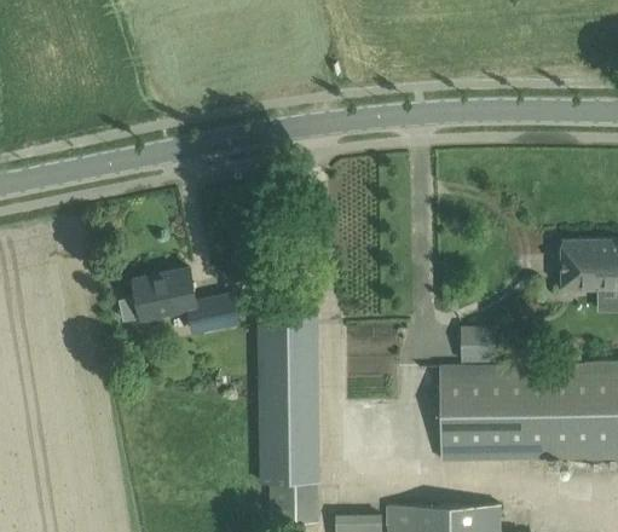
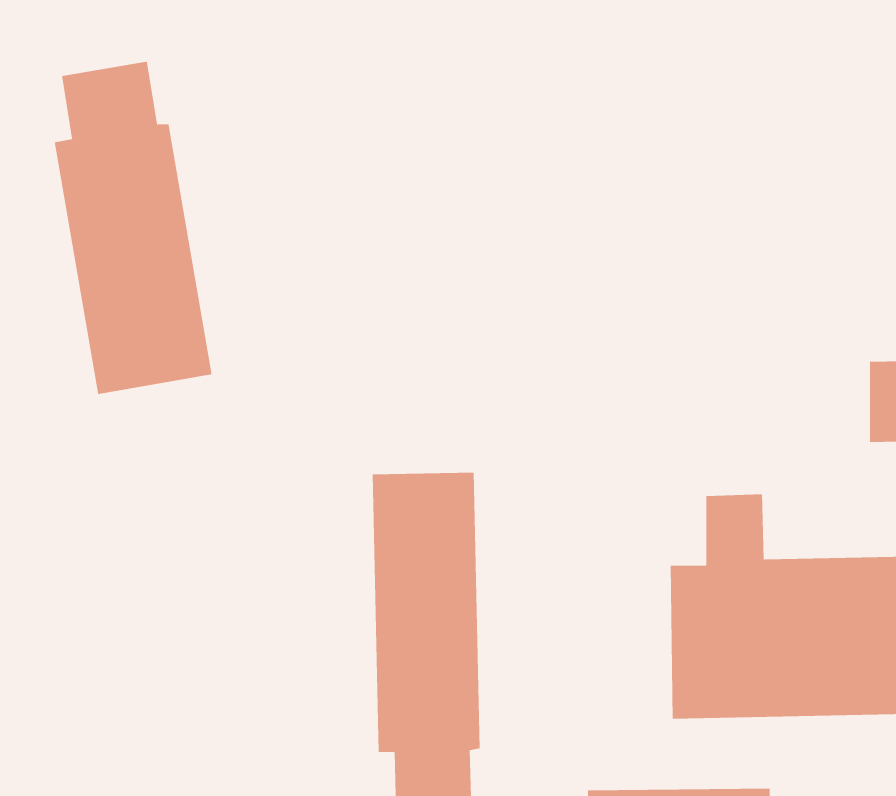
building: none -> [54,61,212,395]
building: [119,272,238,335] -> none

